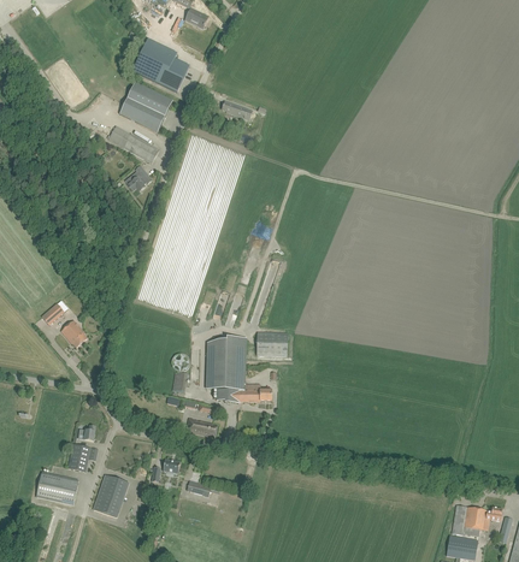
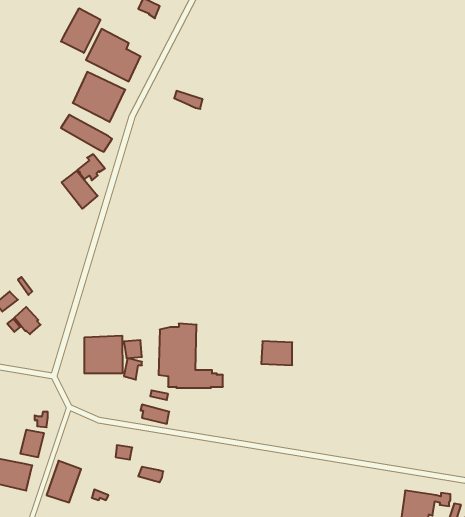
building: none -> [61,8,100,53]
building: none -> [62,171,98,209]
building: [255,331,287,355] -> [261,341,292,365]
building: none -> [84,336,122,373]

